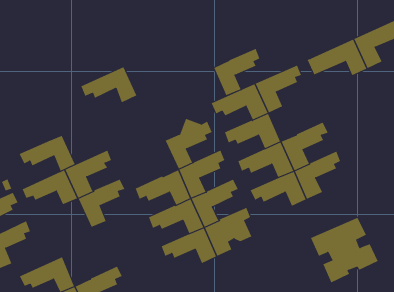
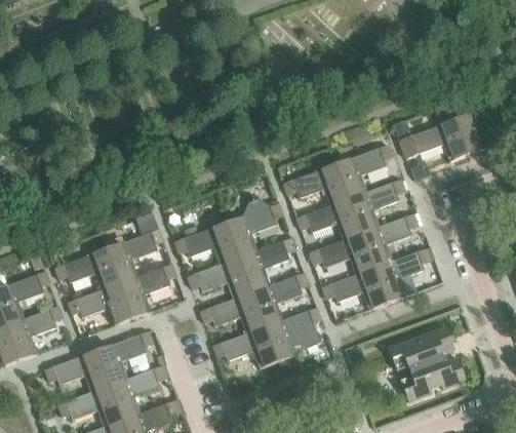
building: [214,48,260,96] -> [349,180,404,233]
building: [80,67,137,103] -> [173,223,239,265]
building: [19,135,76,171] -> [67,283,132,325]
building: none -> [96,331,152,386]

